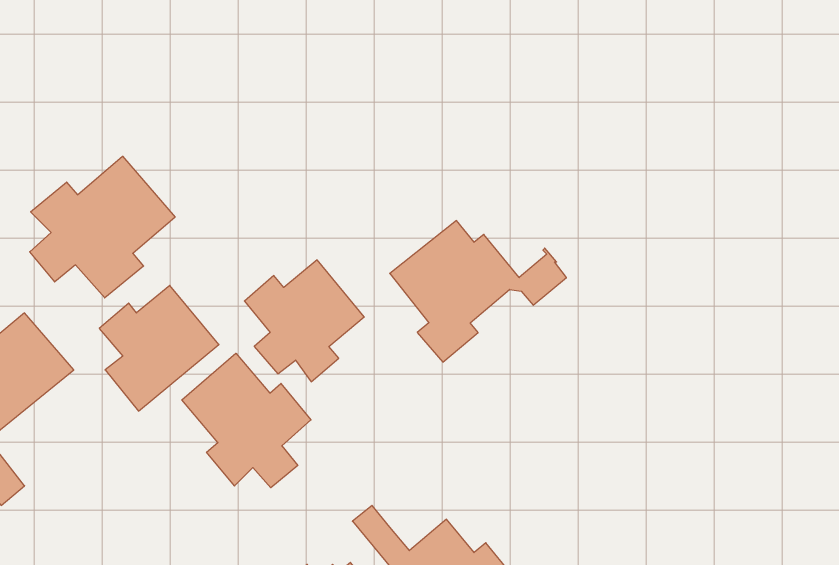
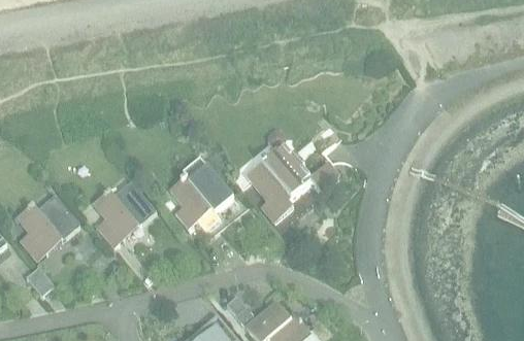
building: [30,156,175,298] -> none
building: [182,353,311,488] -> none

